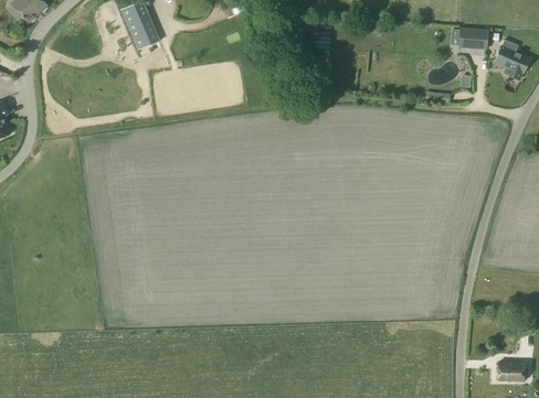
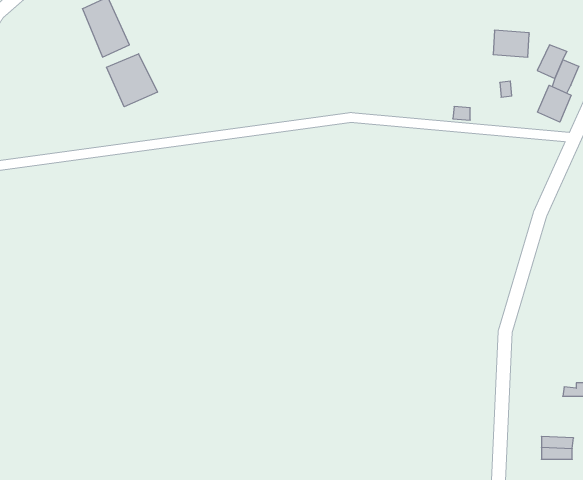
building: none -> [107,54,157,107]
building: none -> [538,85,571,122]

